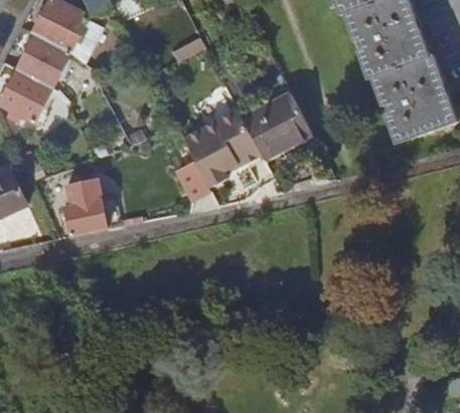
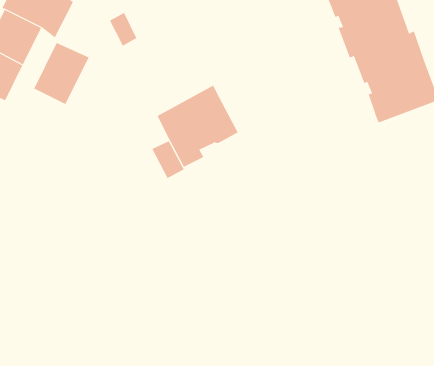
building: none -> [34,42,89,105]
building: [244,95,314,159] -> none
building: [64,177,108,234] -> none

